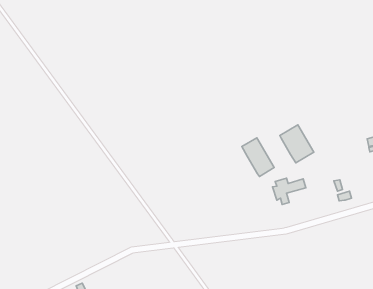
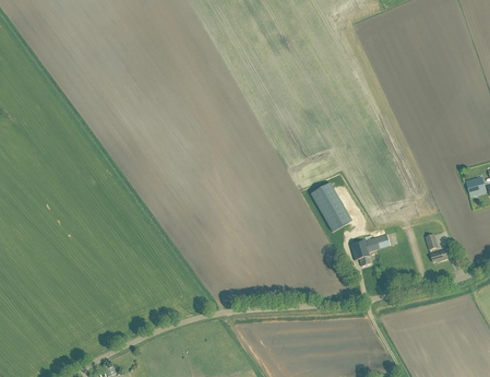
building: [280,125,314,163] -> none

